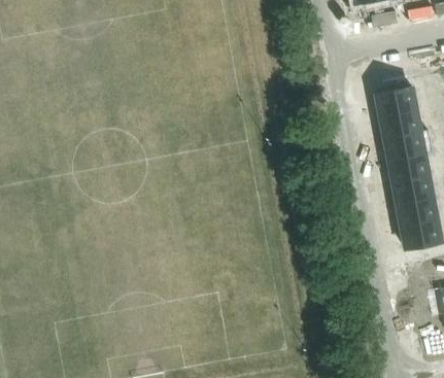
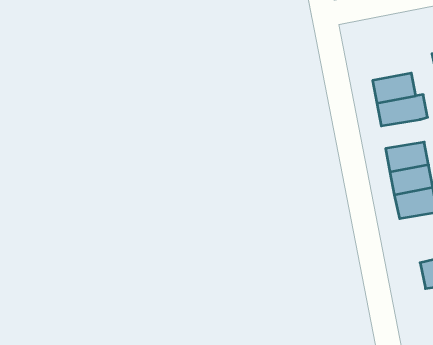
building: [376,87,417,116] -> none
building: [388,153,430,182] -> none

